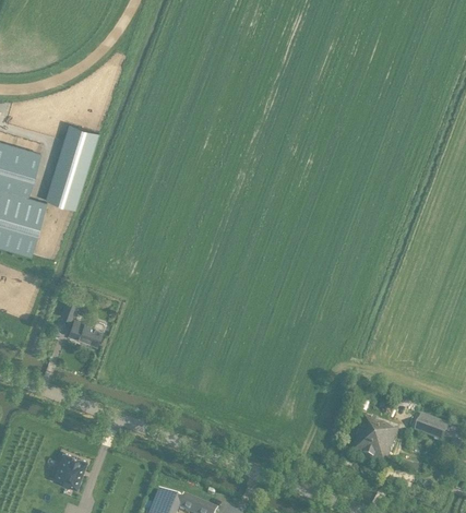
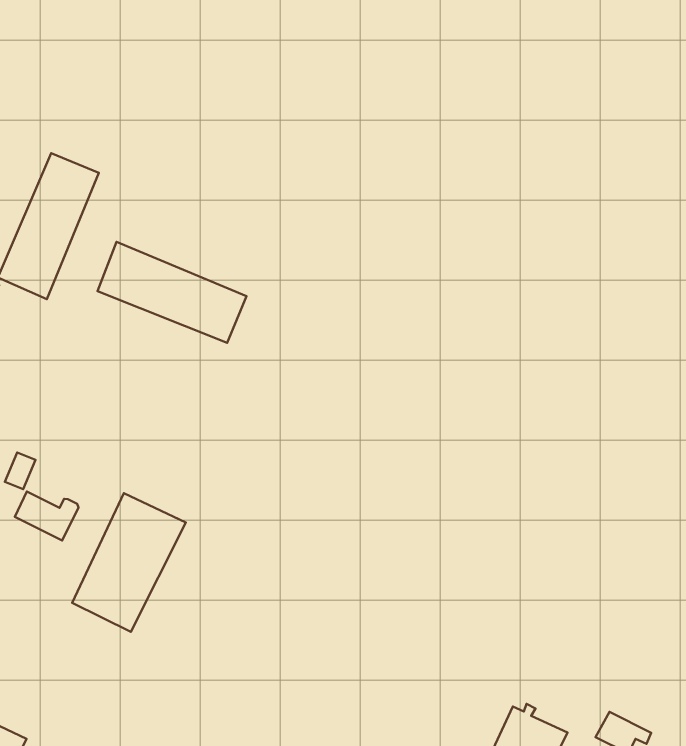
building: none -> [98,242,247,343]
building: none -> [72,493,186,632]

